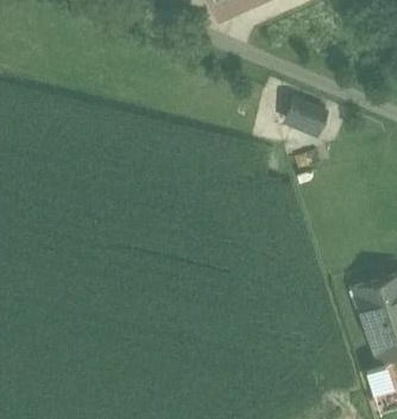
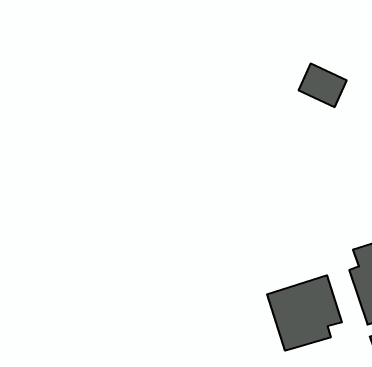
building: none -> [267,275,342,351]

